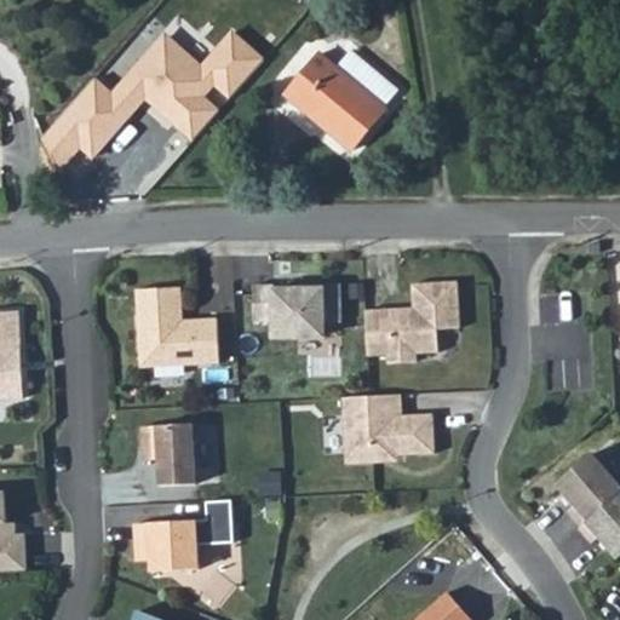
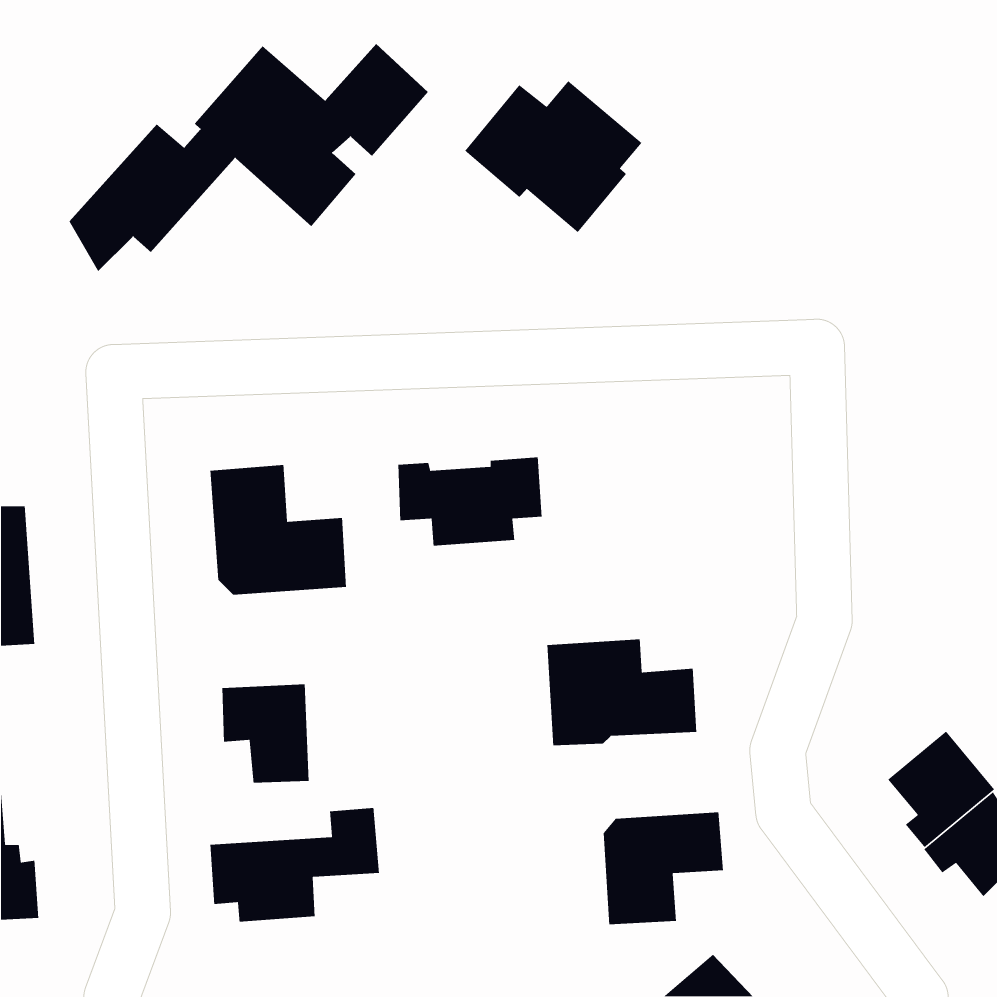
building: [361,281,455,362] -> none
building: none -> [603,812,724,925]

